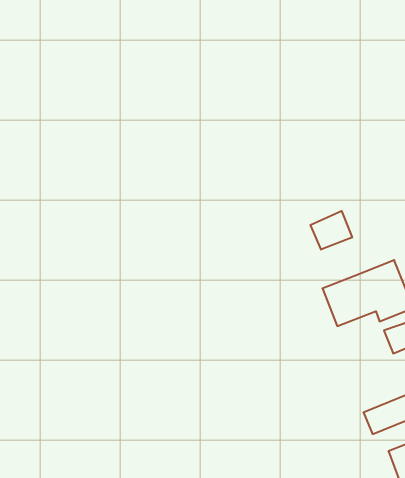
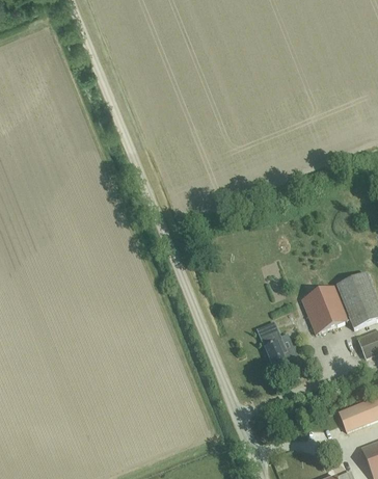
building: [310,211,352,250] -> none
building: none -> [258,322,286,364]

